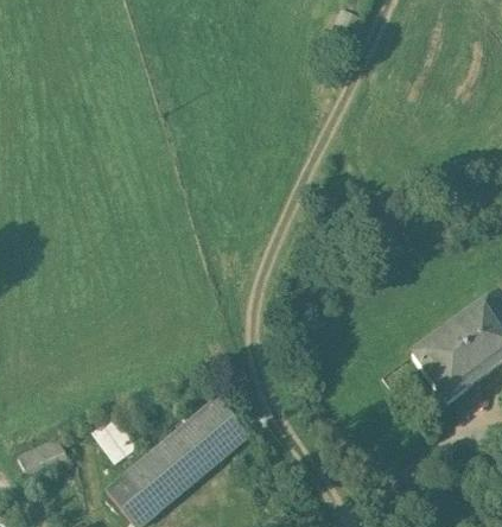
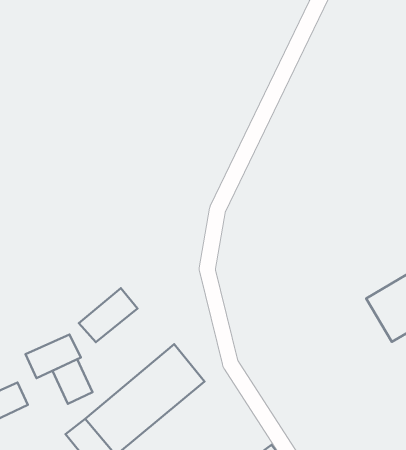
building: none -> [79,288,137,342]
building: none -> [26,335,81,378]

